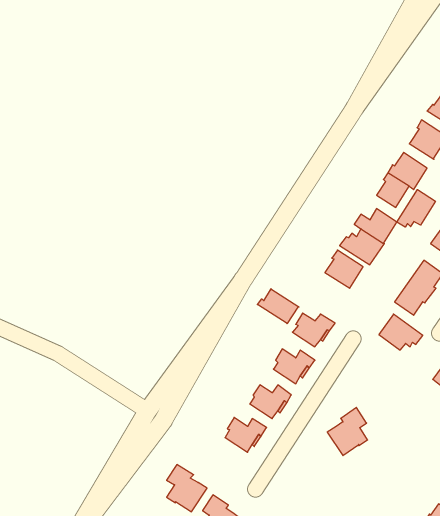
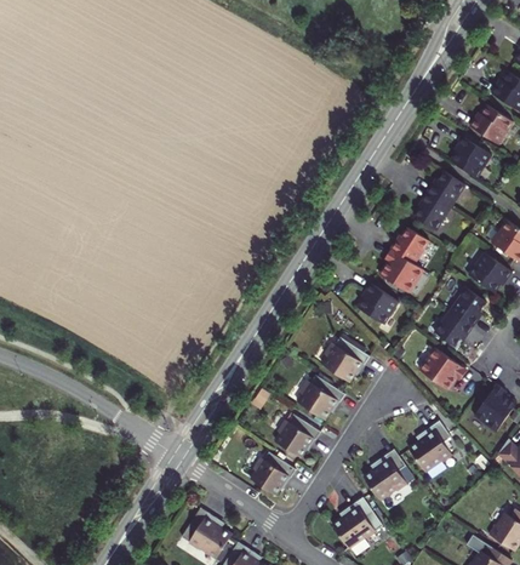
building: [397,190,435,227] -> none
building: [257,289,299,324] -> none
building: none -> [406,418,450,470]
building: none -> [331,497,376,549]

